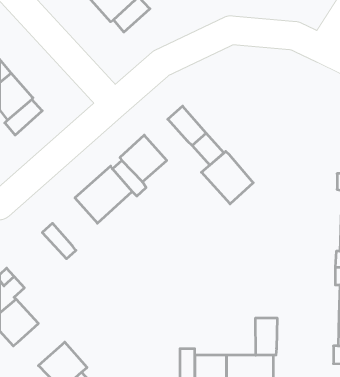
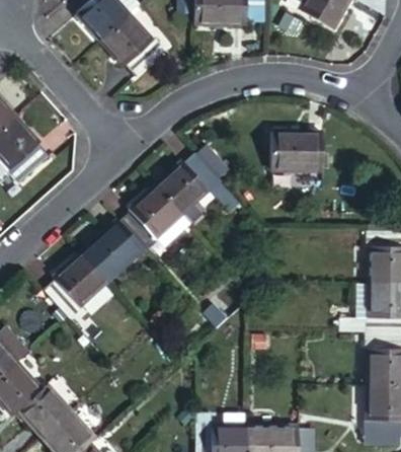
building: none -> [282,135,330,170]
building: none -> [157,166,204,214]
building: [201,151,253,204] -> none
building: none -> [55,254,106,306]
building: [256,318,277,355] -> none
building: none -> [20,385,71,436]

